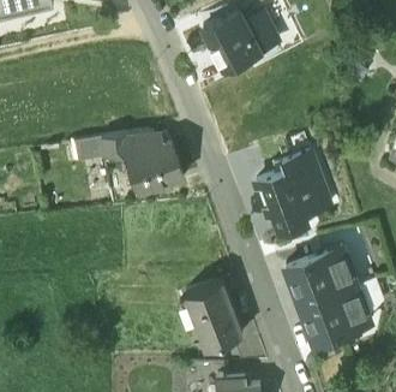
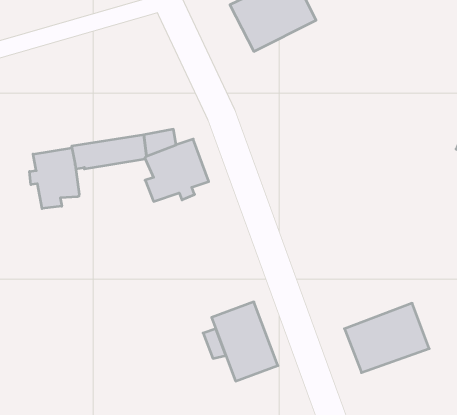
building: [256,148,331,231] -> none
building: none -> [30,148,79,209]
building: [286,245,356,304] -> none

